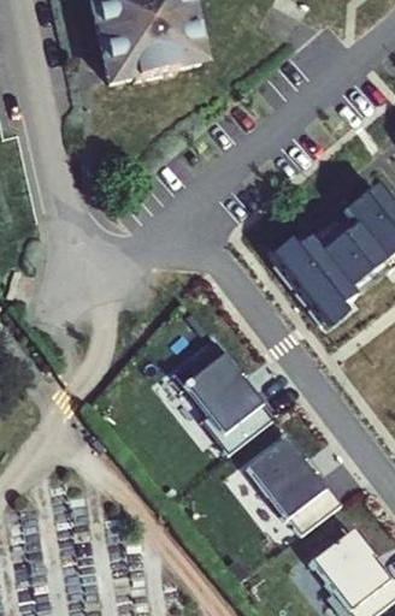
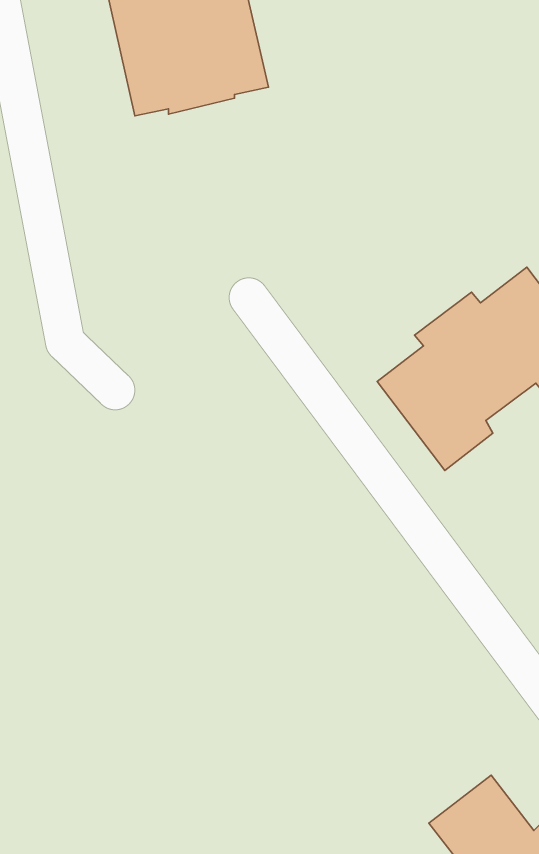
building: [173,342,276,455] -> none
building: [243,433,342,535] -> none

